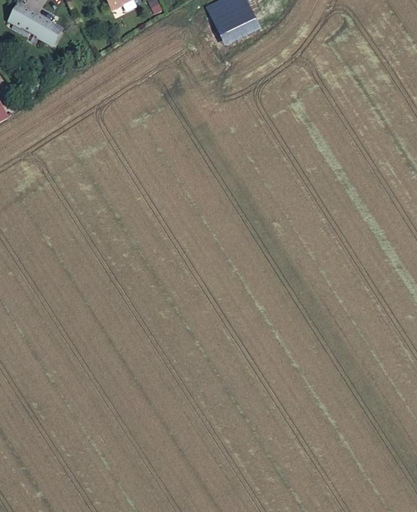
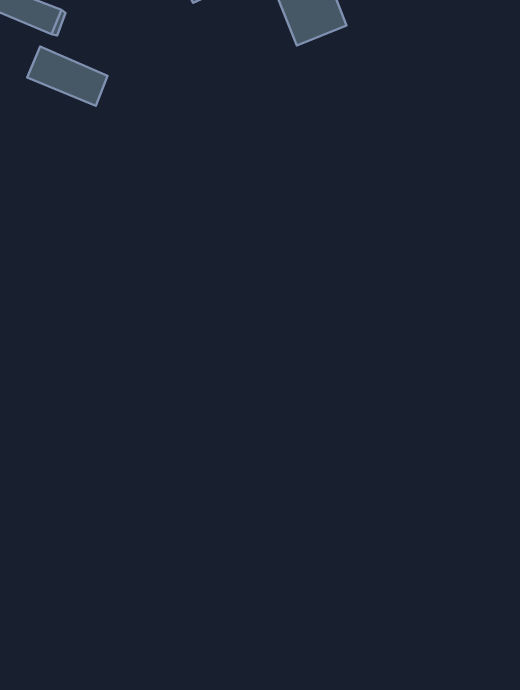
building: none -> [27,46,107,106]

